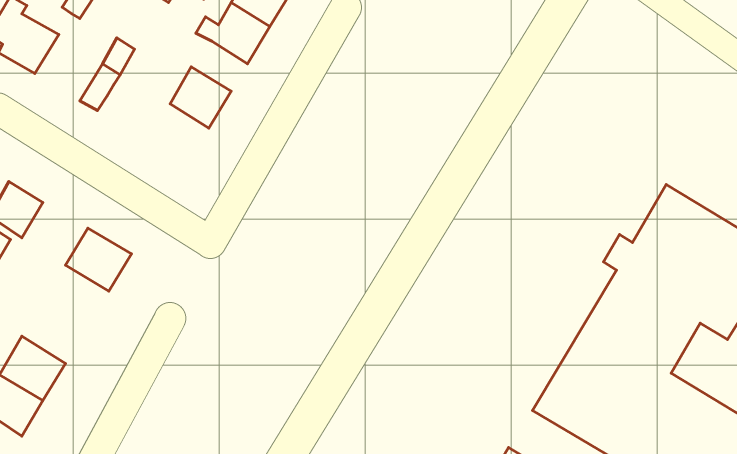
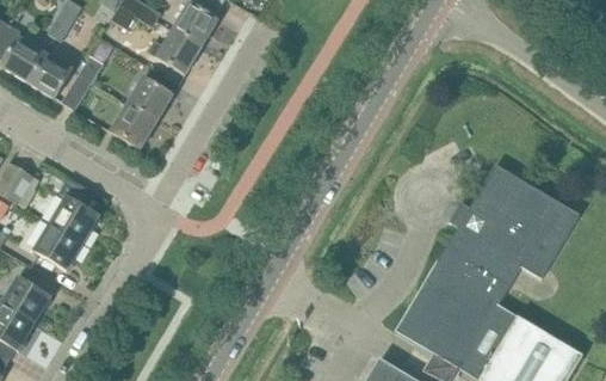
building: none -> [27,53,73,98]
building: none -> [111,104,156,148]
building: none -> [35,223,82,269]

